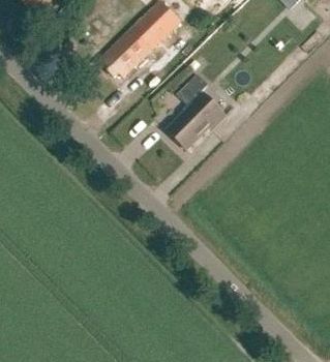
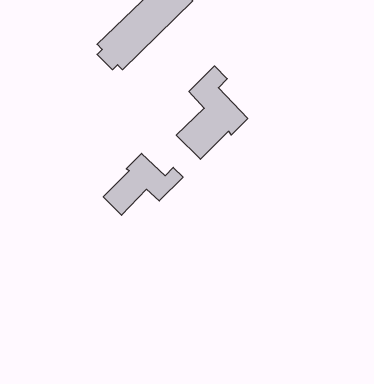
building: none -> [103,153,183,215]

